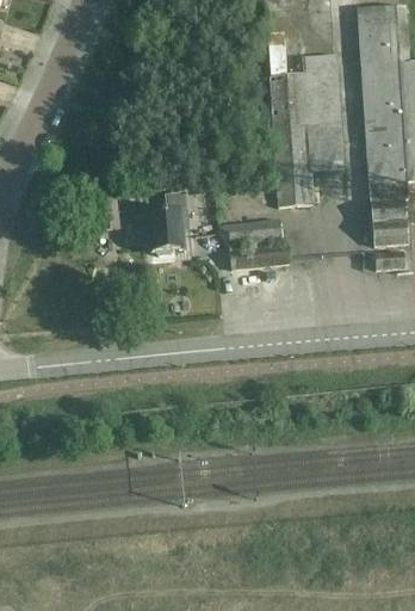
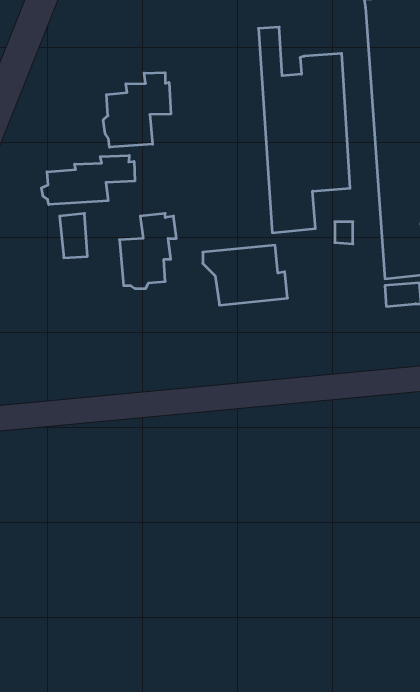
building: none -> [103,73,171,147]
building: none -> [41,155,135,205]

